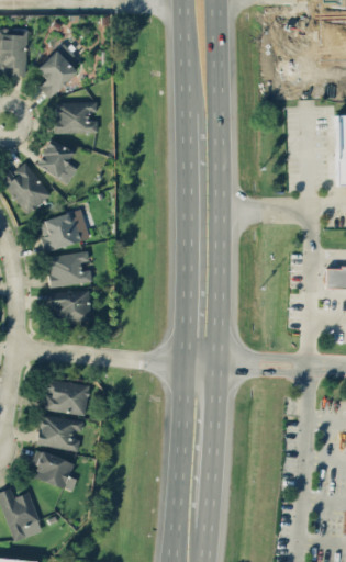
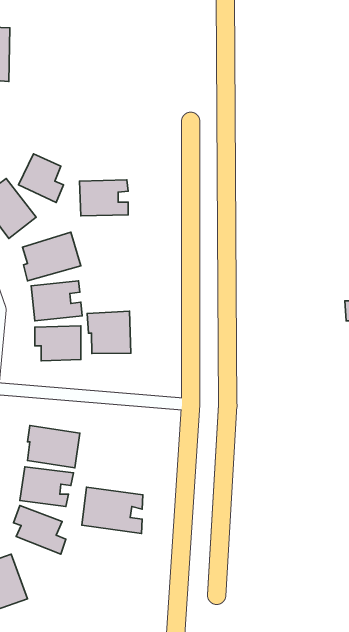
building: [38,43,79,98] -> none
building: [56,101,99,133] -> [80,180,128,216]
building: none -> [87,311,131,354]
building: none -> [82,487,143,534]

